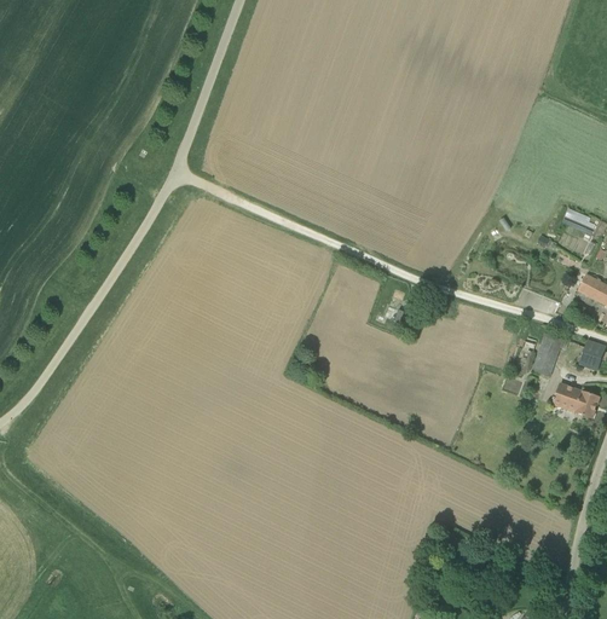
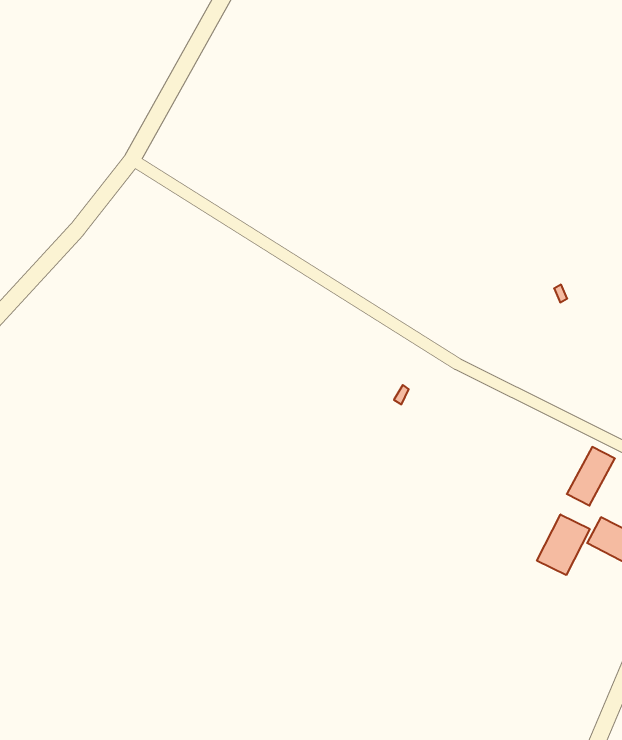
building: none -> [537,514,590,575]

